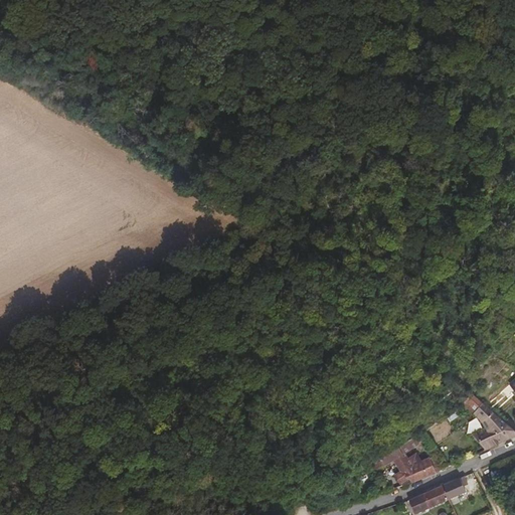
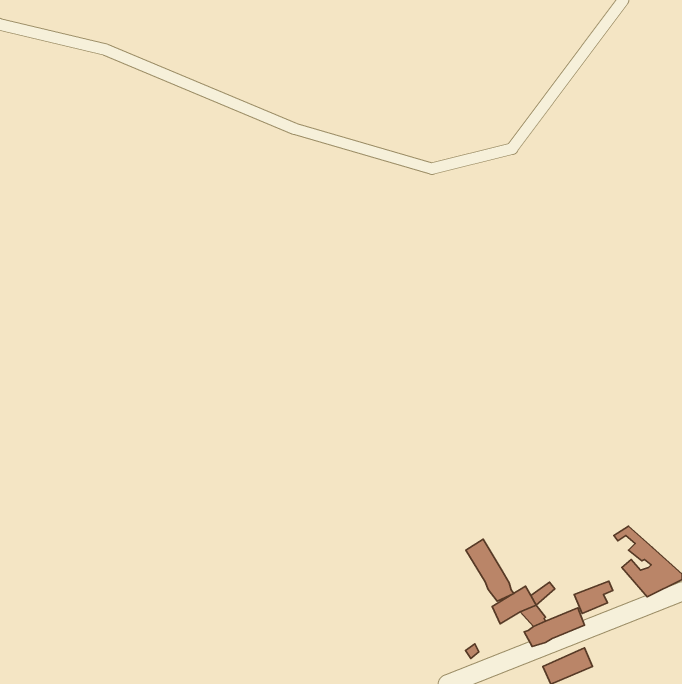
building: none -> [466,539,514,601]
building: [440,477,469,501] -> [574,581,613,613]

